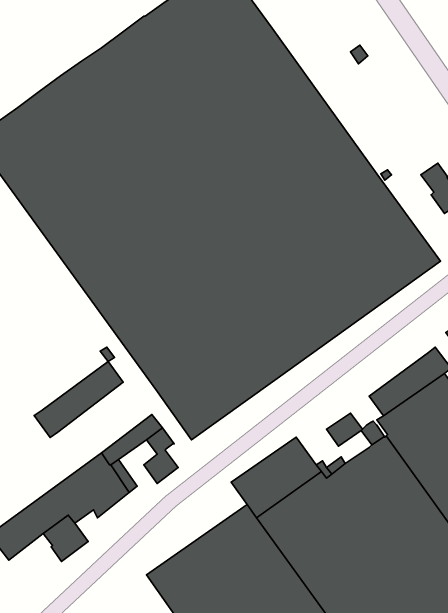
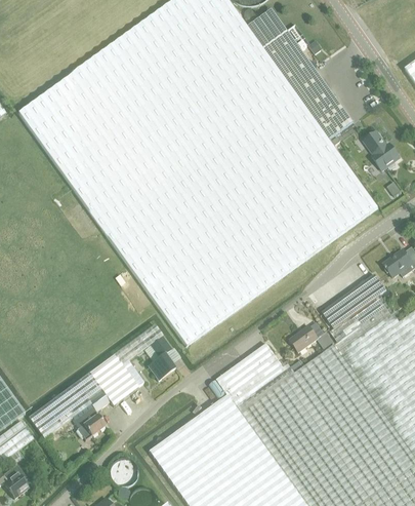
building: none -> [248,9,354,140]
building: [34,362,123,438] -> none

